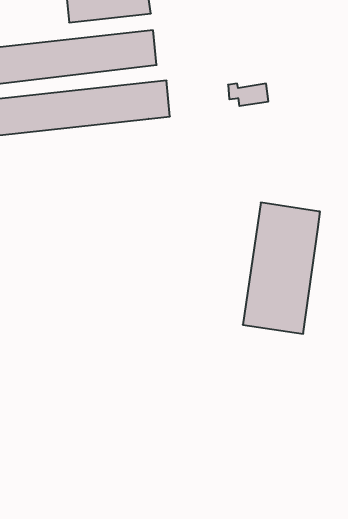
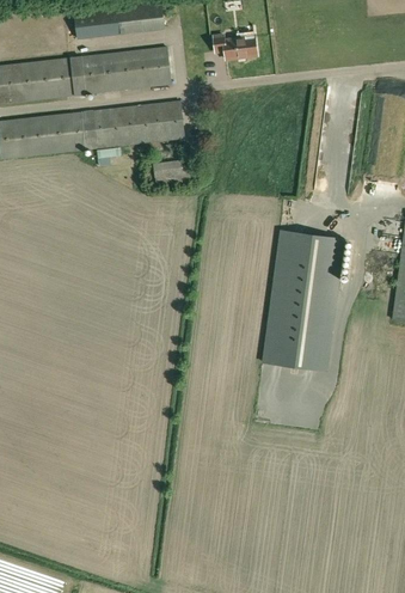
building: [228,84,268,106] -> [214,36,257,60]
building: none -> [154,161,190,184]

